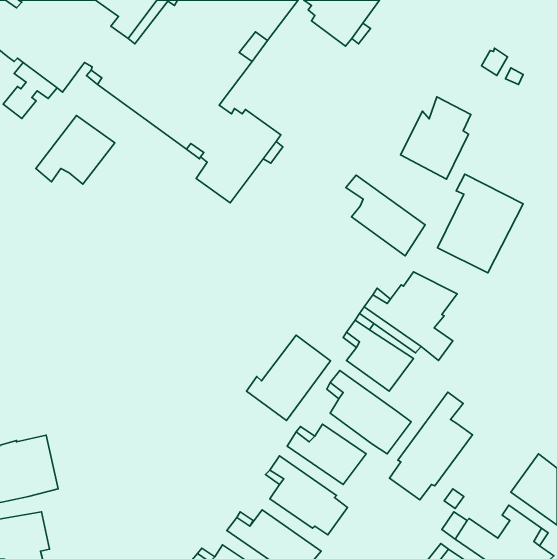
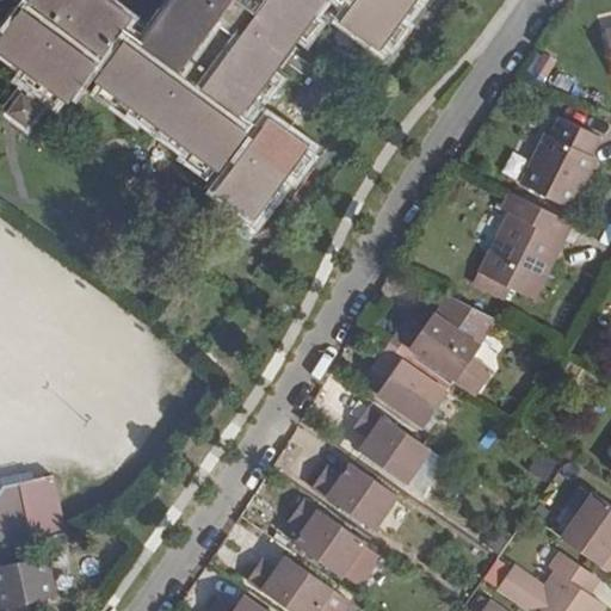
building: [401,97,471,179] -> [517,117,593,206]
building: [36,116,115,184] -> none
building: [346,175,425,256] -> none
building: [246,335,331,421] -> none
building: [390,392,472,500] -> none

